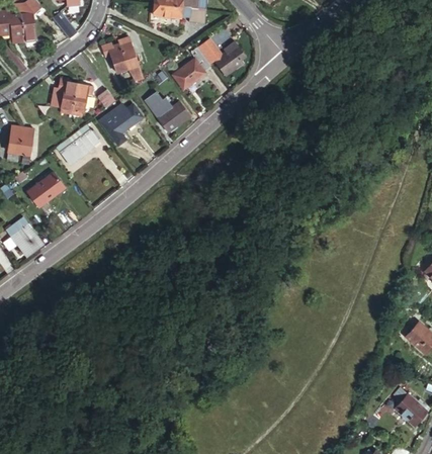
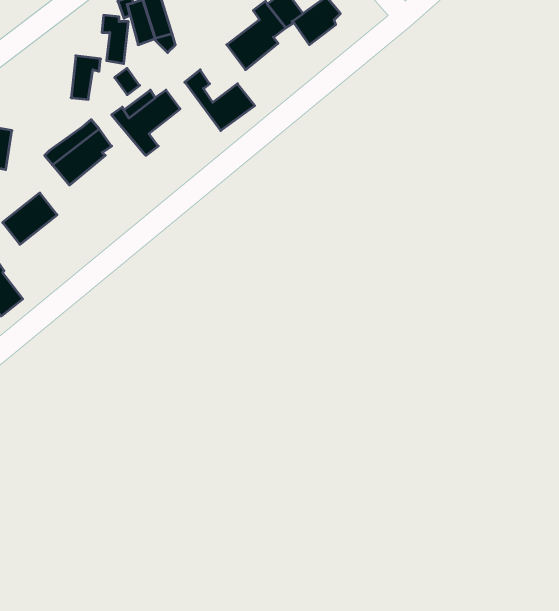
building: [58,78,75,109] -> [102,15,128,64]

